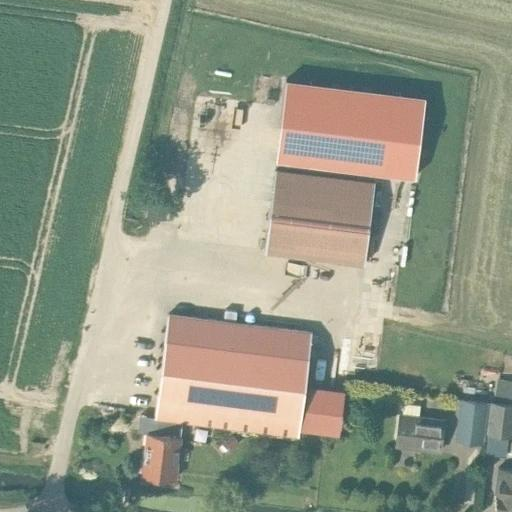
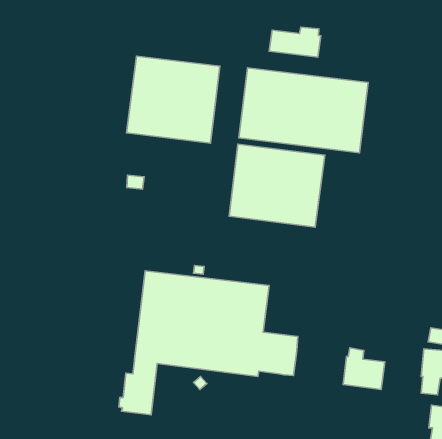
building: none -> [269,27,321,57]
building: none -> [126,56,220,143]
building: [456,403,489,448] -> none

